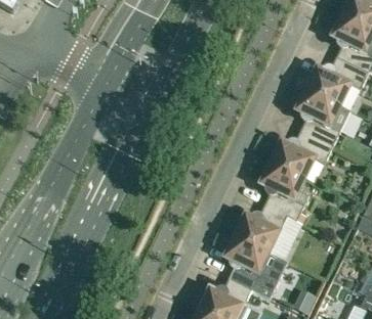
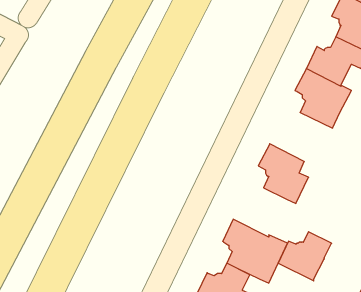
building: [271,130,332,178] -> none
building: [235,203,287,252] -> [278,232,332,281]

